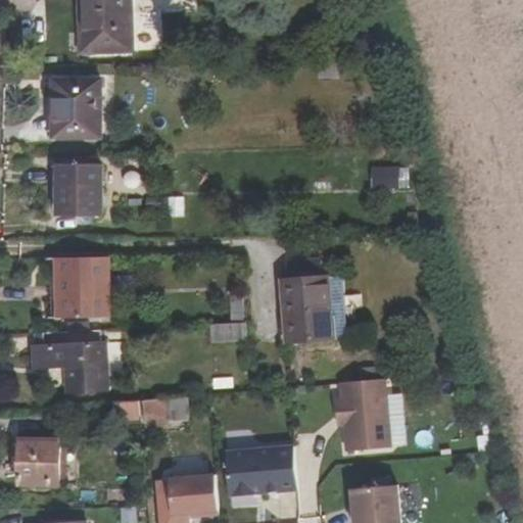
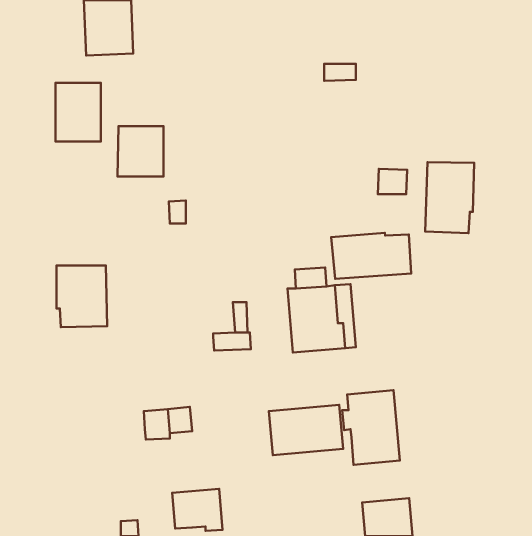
building: none -> [425,162,474,233]
building: [54,167,99,216] -> [117,126,164,177]
building: none -> [331,233,411,279]
building: [32,331,105,394] -> none
building: [16,439,58,486] -> none
building: [223,447,295,496] -> [269,405,343,455]

